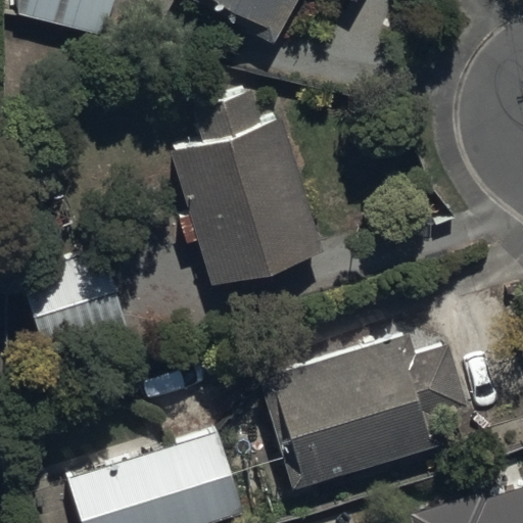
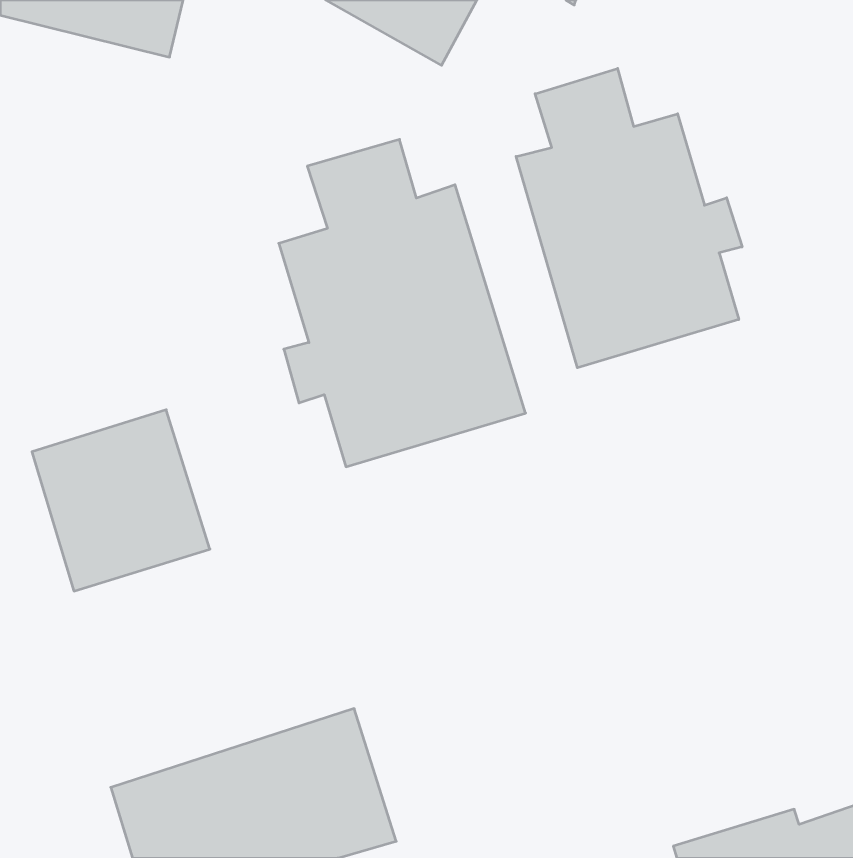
building: none -> [516,68,742,368]
building: [265,334,464,490] -> none

